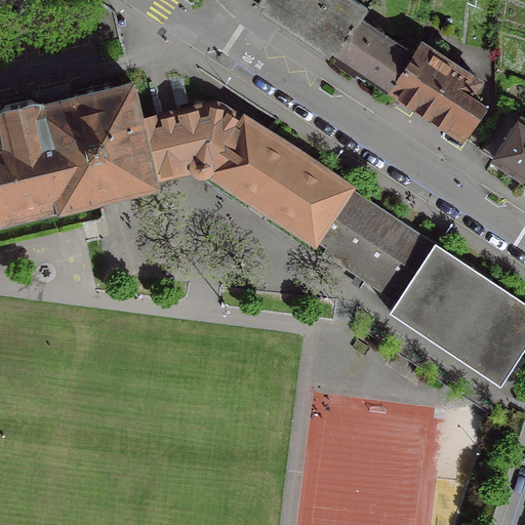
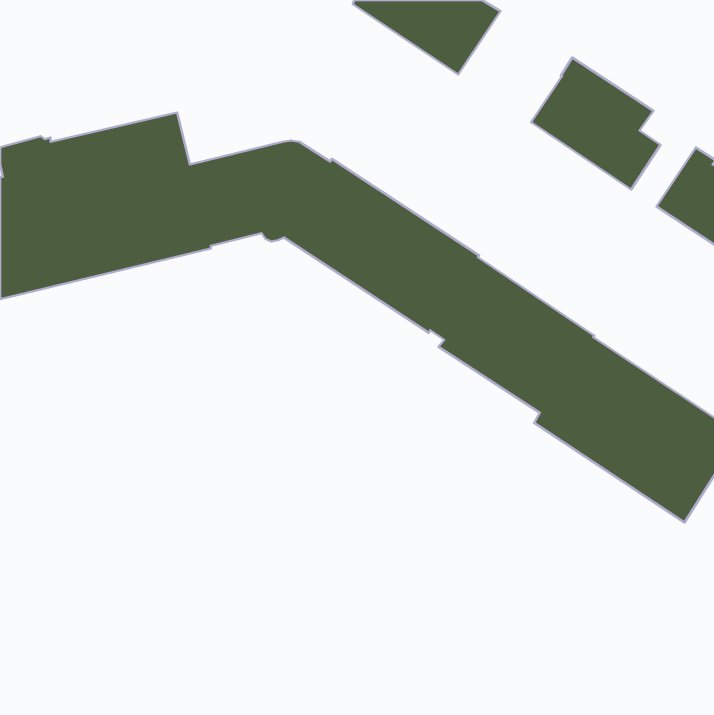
building: [337,23,413,91] -> none

